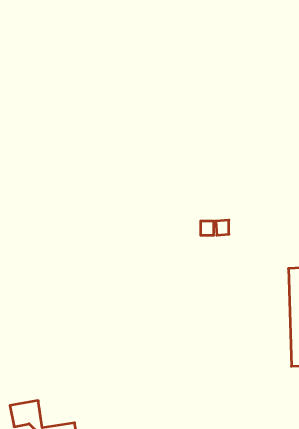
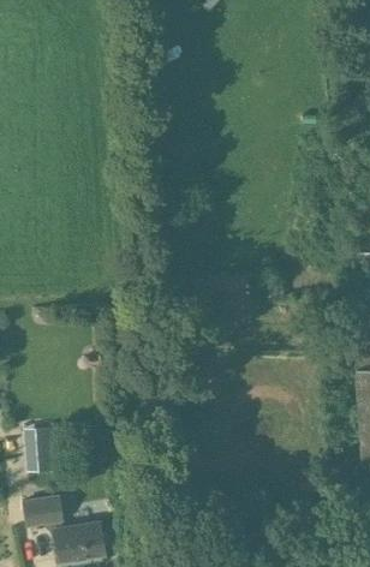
building: none -> [25,435,50,471]

